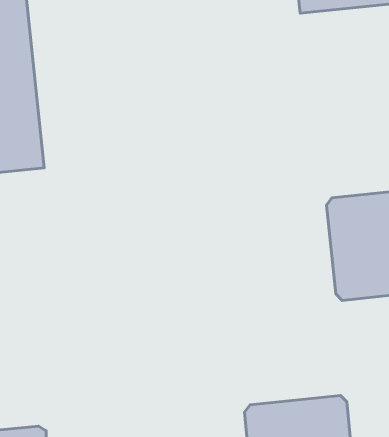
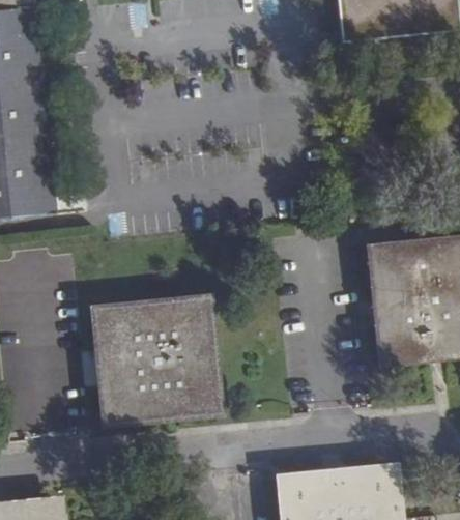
building: none -> [93,297,217,421]

